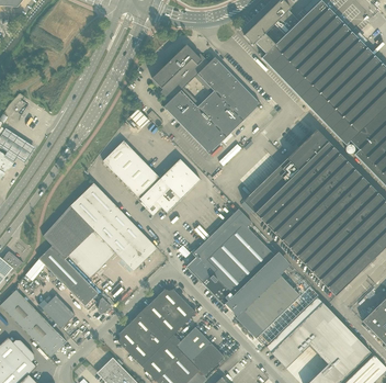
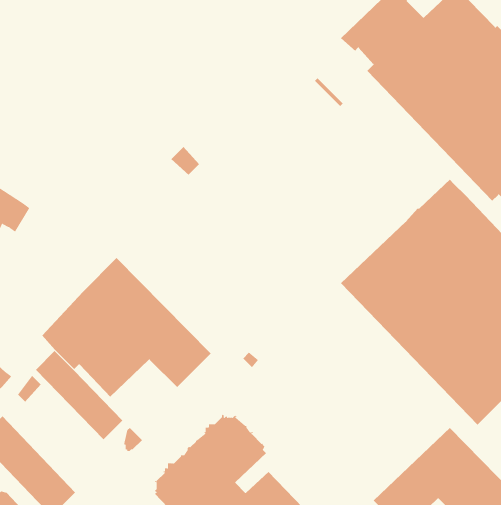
building: [151,44,260,154] -> none
building: [103,140,201,212] -> none
building: [186,209,299,338] -> none
building: [42,293,75,327] -> none

